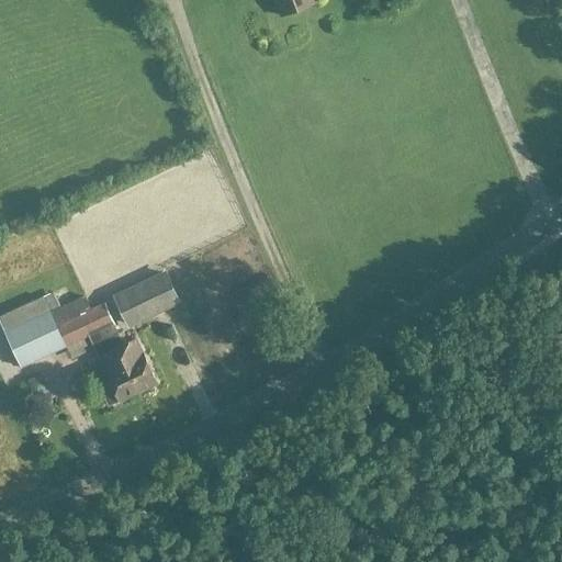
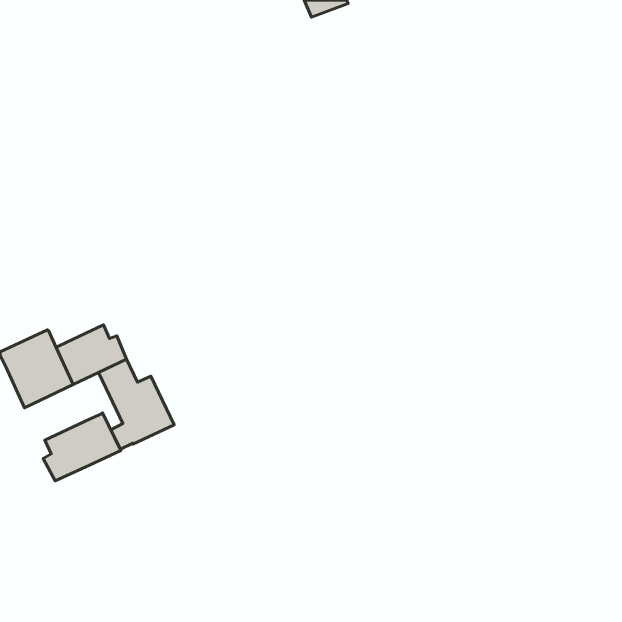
building: [116,273,179,325] -> none
building: none -> [43,413,121,481]

